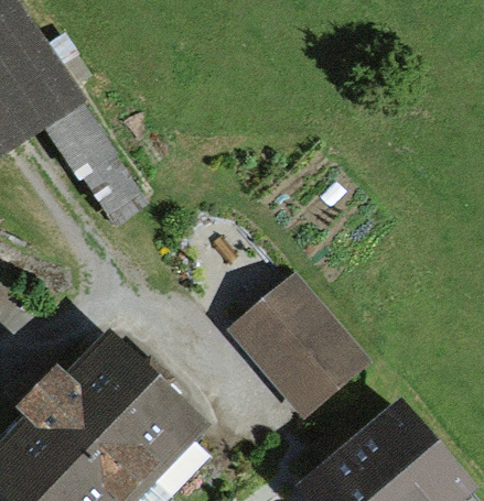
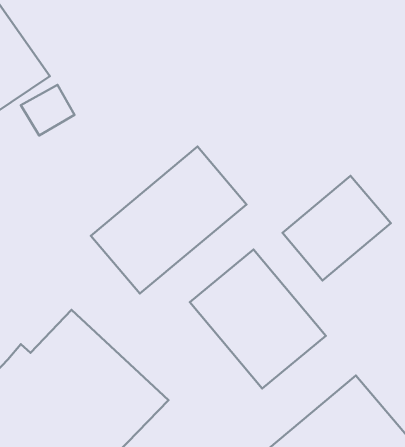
building: none -> [91,147,246,294]
building: none -> [282,176,391,280]

